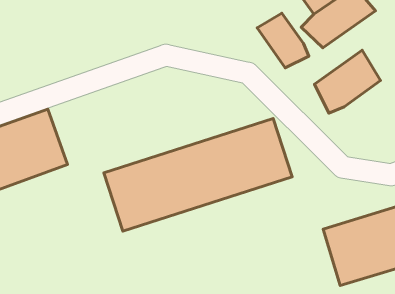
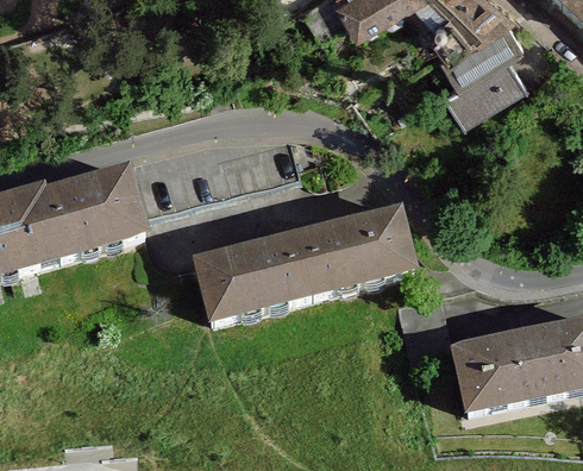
building: [257,13,309,68] -> none
building: [315,50,380,113] -> none

